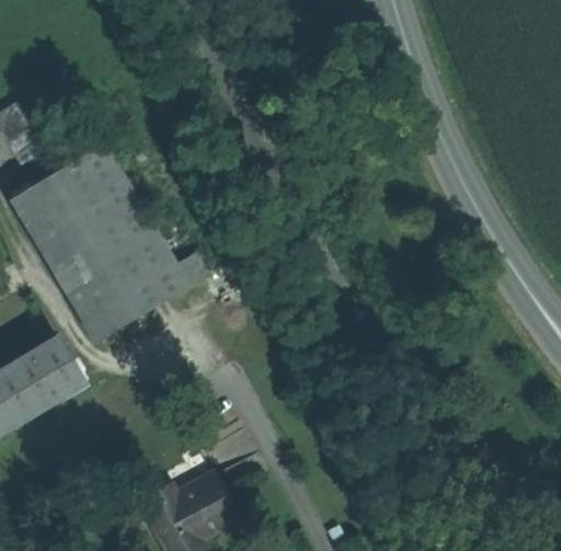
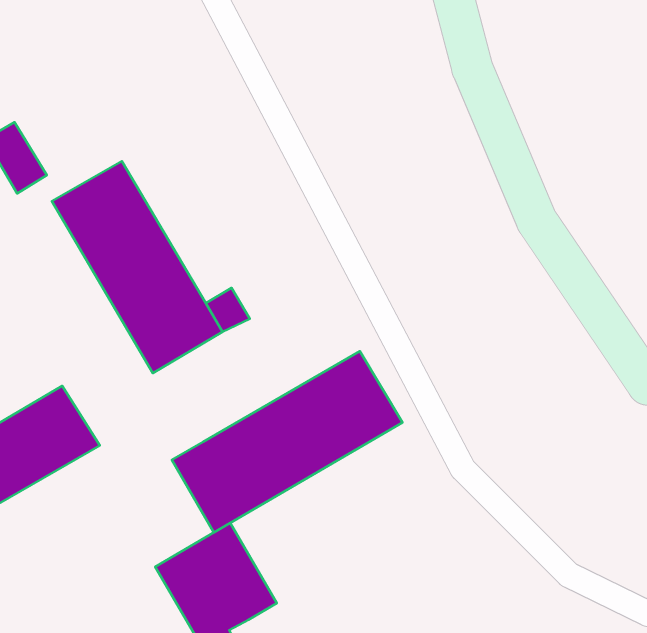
building: [12,179,133,345] -> none
building: none -> [172,351,402,533]

